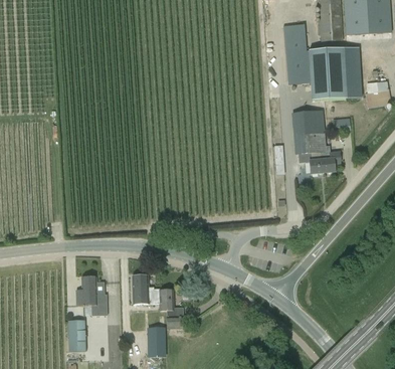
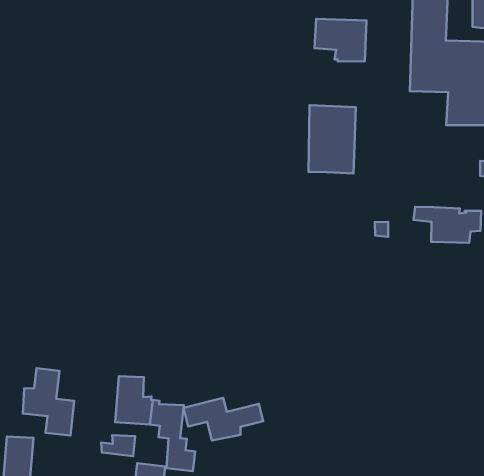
building: none -> [315,19,367,62]
building: [294,111,326,153] -> [309,105,356,174]
building: none -> [184,398,263,440]

